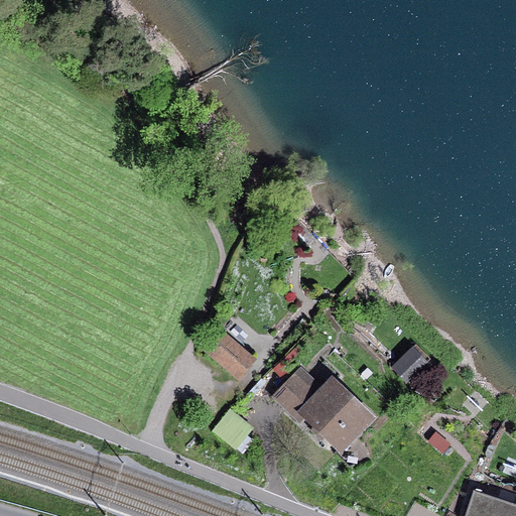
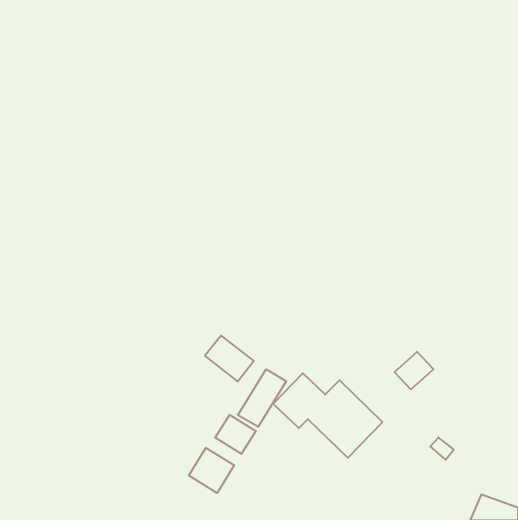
building: none -> [238,369,286,427]
building: none -> [189,448,234,493]

